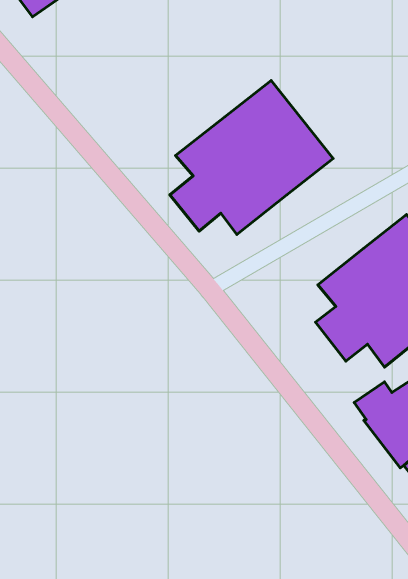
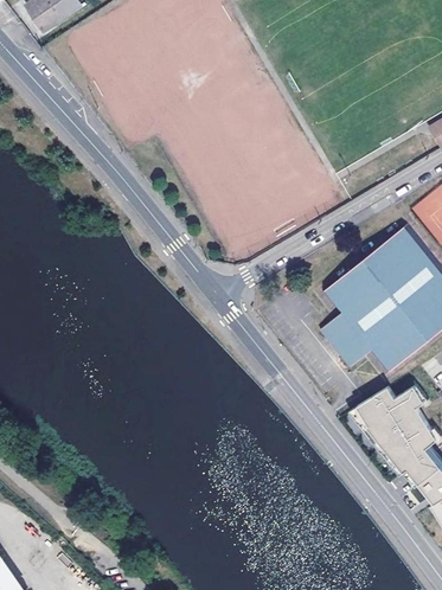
building: [170,80,333,235] -> none

